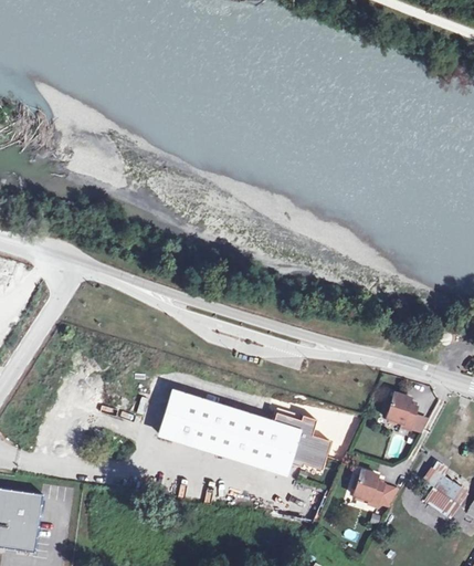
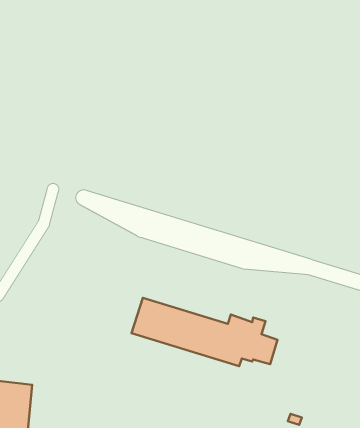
building: [387,391,417,428] -> none
building: [354,468,400,505] -> none

